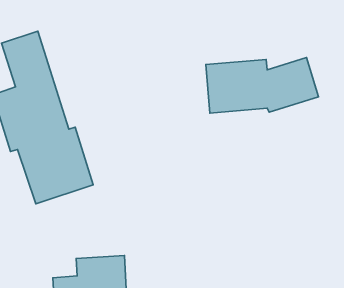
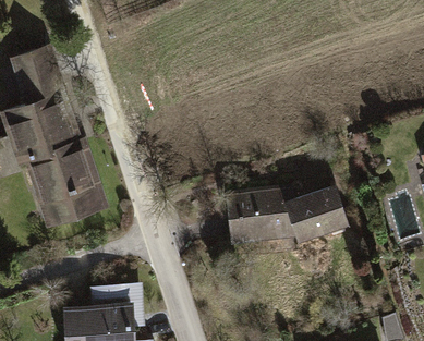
building: [206,58,319,113] -> [227,184,349,244]

